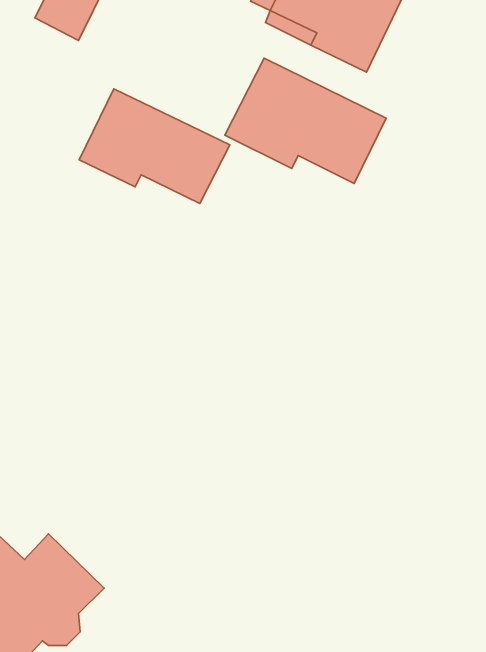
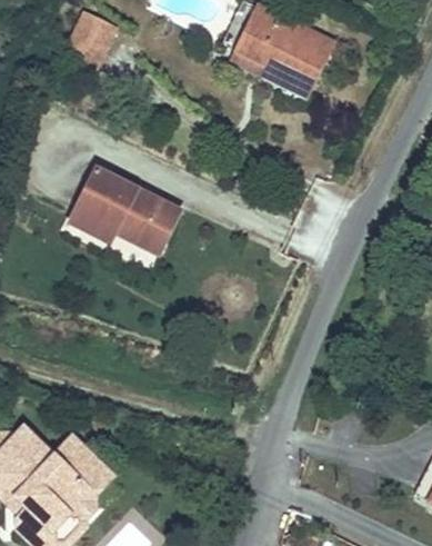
building: [225,58,386,184] -> none
building: [79,89,230,204] -> [70,168,181,252]

